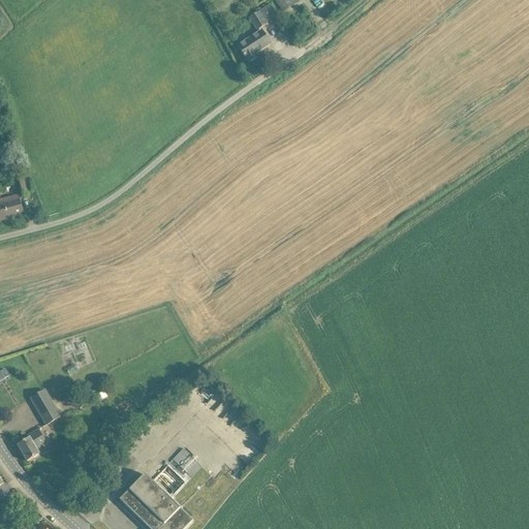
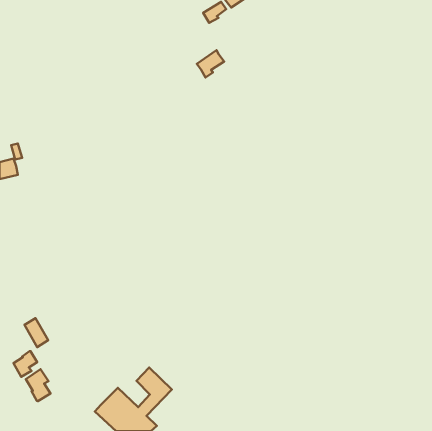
building: [237,28,270,61] -> [197,50,224,77]
building: none -> [26,369,50,401]

